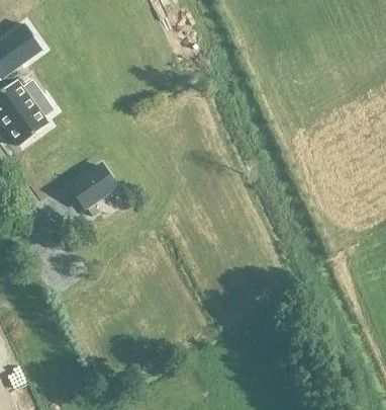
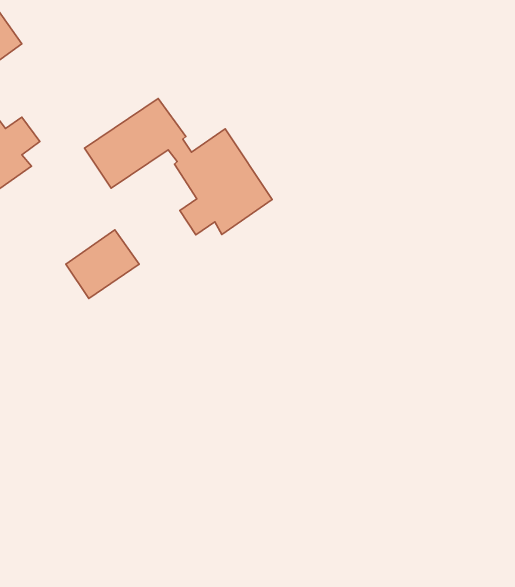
building: none -> [84,98,272,235]

